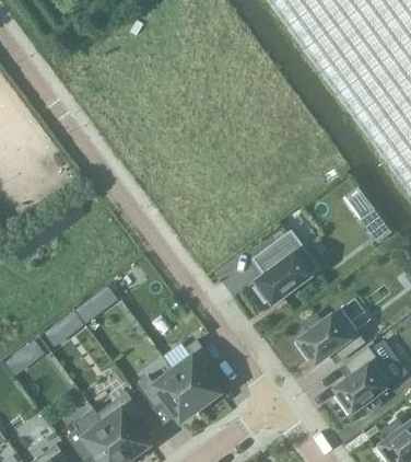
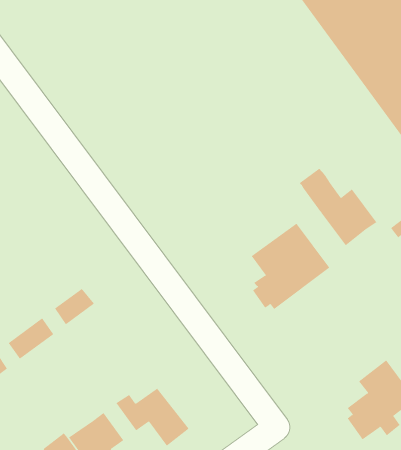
building: none -> [299,168,377,246]
building: [294,308,366,362] -> none
building: [173,339,220,405] -> none

